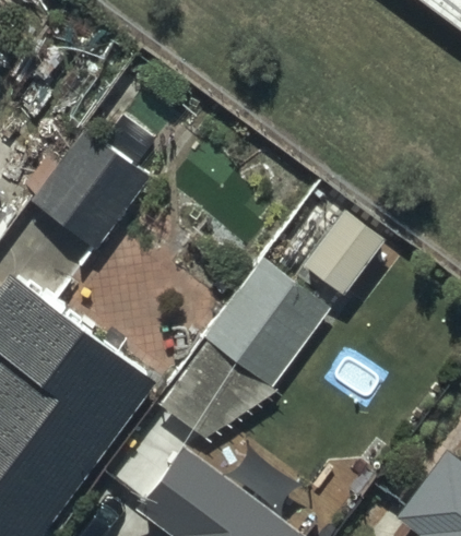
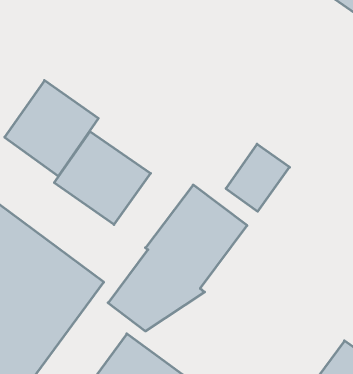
building: none -> [54,132,151,225]

